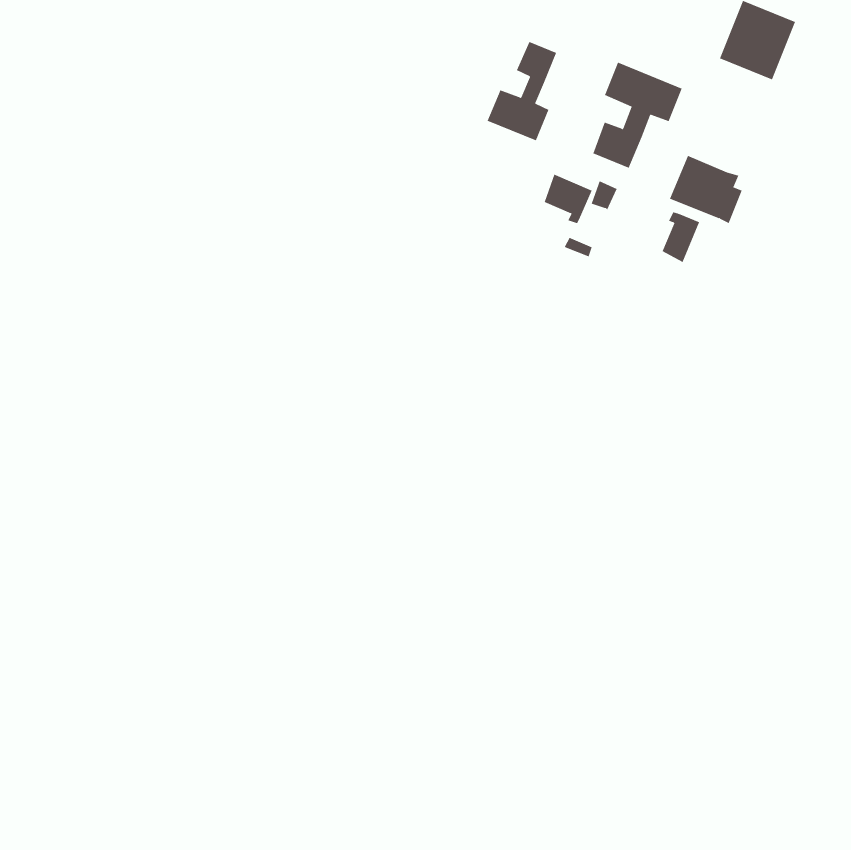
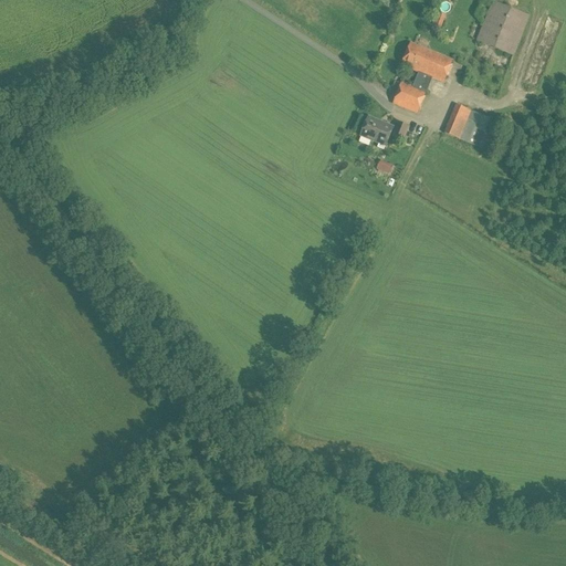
building: [487,41,557,141] -> none
building: [662,211,700,263] -> none

